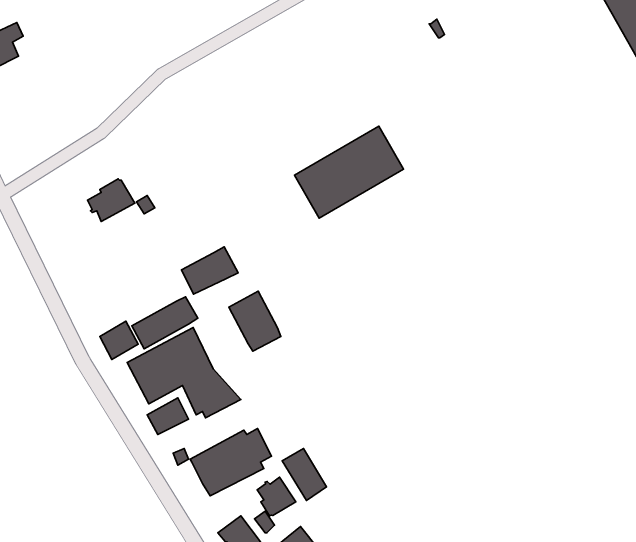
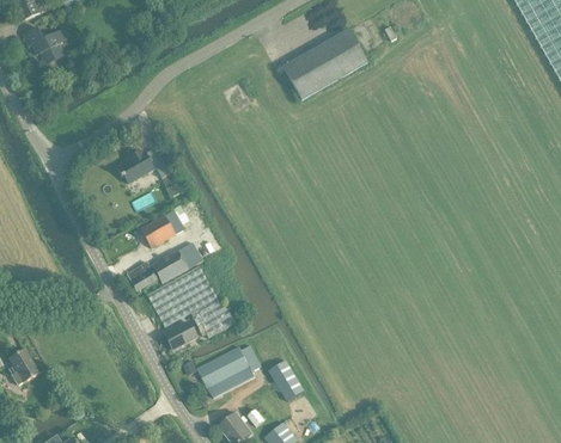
building: [295,126,403,218] -> [282,29,367,100]
building: [181,247,238,294] -> [141,210,185,247]
building: [229,291,281,351] -> none
building: [257,477,296,516] -> none

